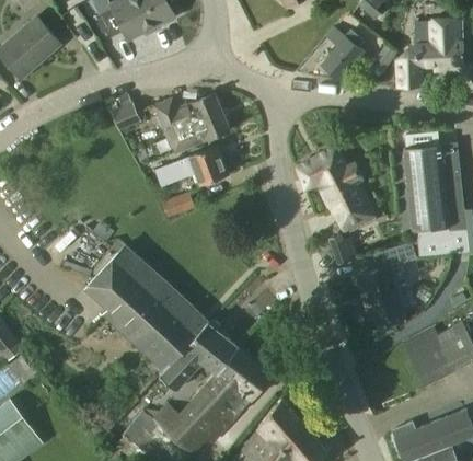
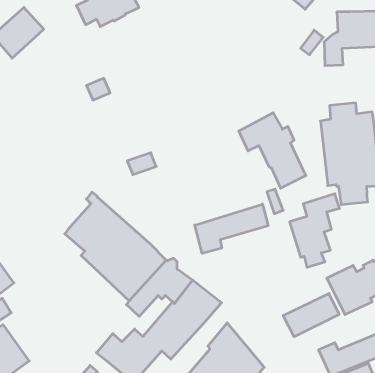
building: [322,28,368,82] -> none
building: [154,93,230,153] -> none
building: [154,146,229,188] -> none
building: none -> [195,204,268,253]
building: none -> [283,293,339,337]

